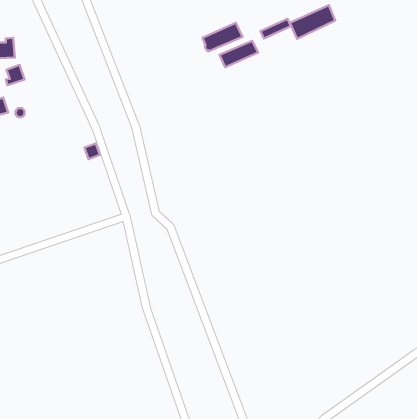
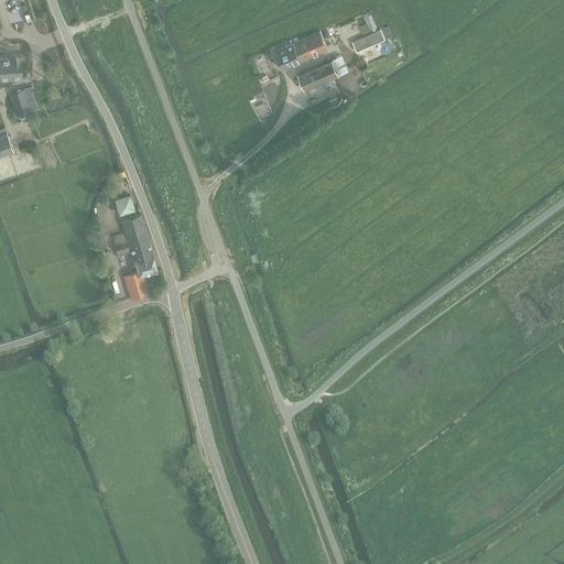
building: [290,5,335,39] -> none
building: none -> [110,213,155,300]

